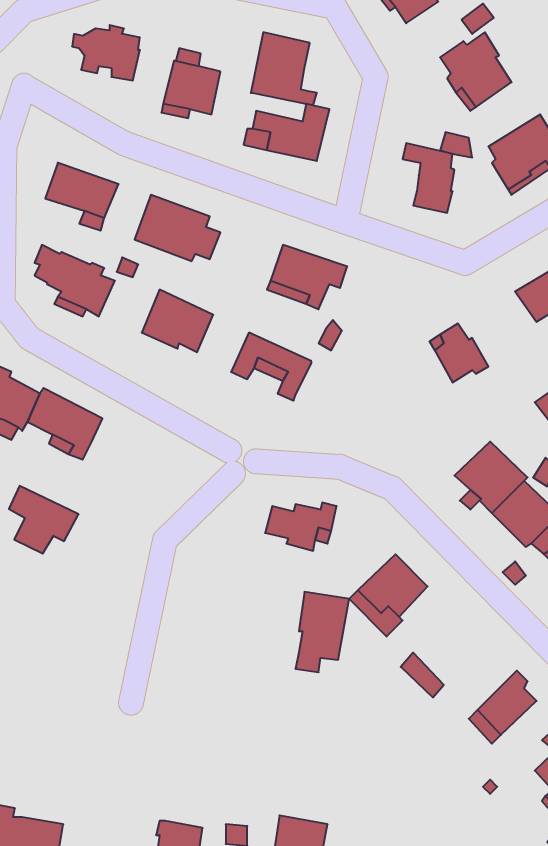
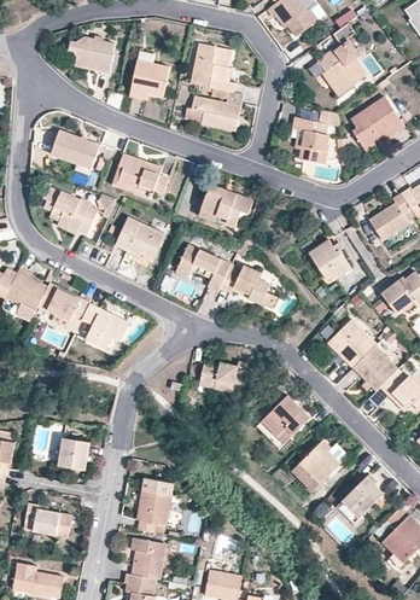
building: none -> [220,264,275,310]
building: [9,486,79,554] -> [82,303,129,349]
building: [295,592,349,672] -> [138,480,174,535]
building: none -> [299,439,339,483]
building: none -> [59,441,91,473]
building: none -> [27,506,74,540]
building: none -> [132,538,165,579]

